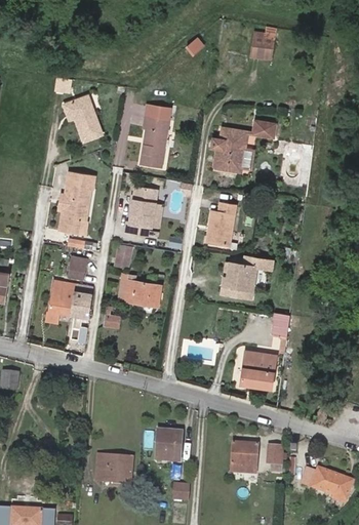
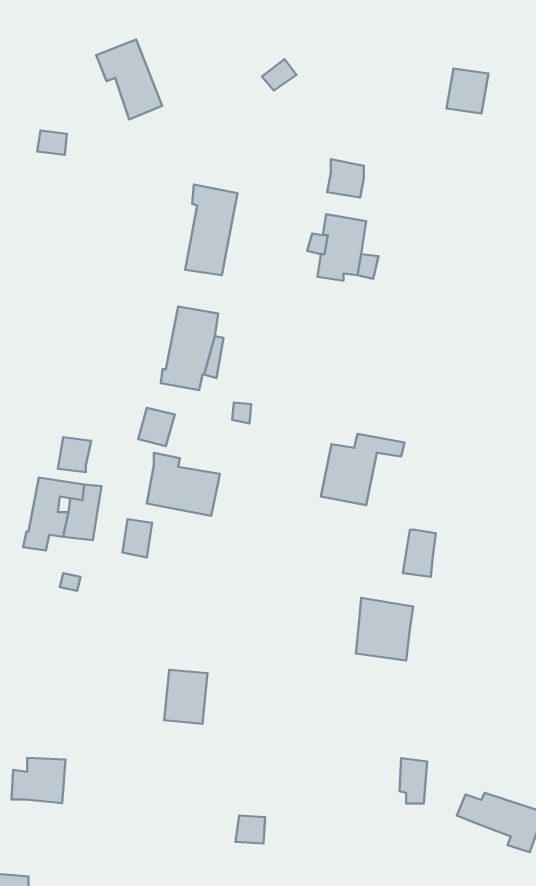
building: [251,29,276,55] -> [447,68,488,114]
building: [62,95,101,143] -> [96,39,162,120]
building: [254,112,276,134] -> [327,159,364,197]
building: [55,171,94,236] -> none
building: [209,201,239,244] -> none
building: [156,430,182,461] -> [164,670,208,724]
building: [229,443,260,475] -> none
building: [99,455,131,482] -> [12,758,66,803]

